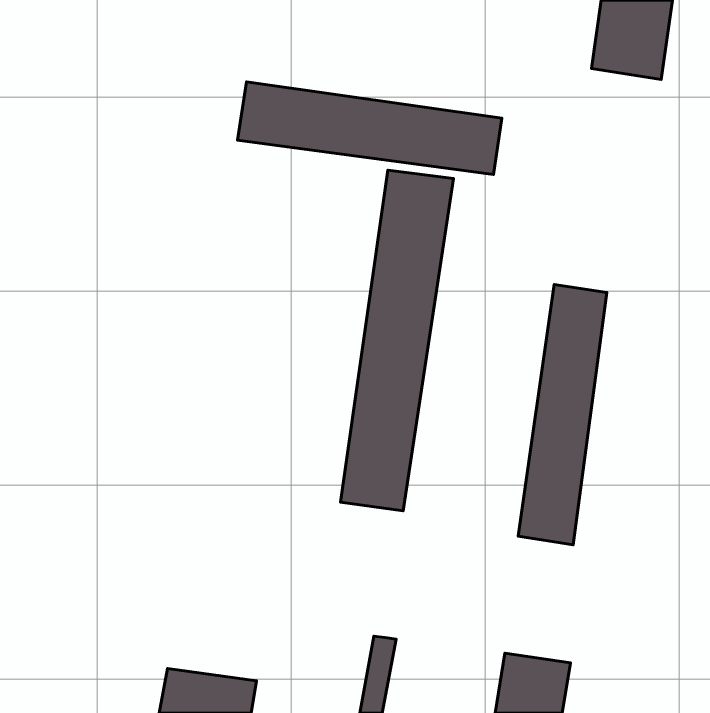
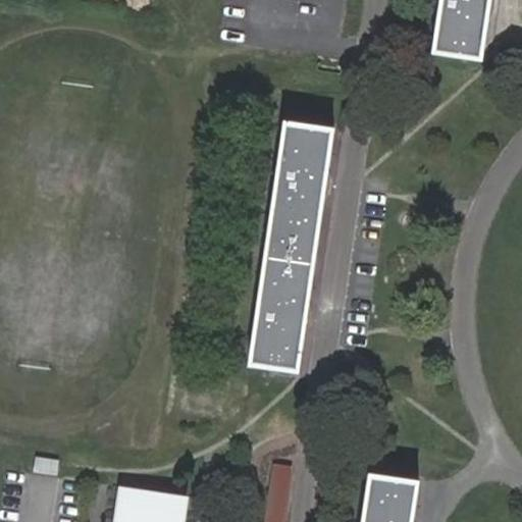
building: [238,82,502,174] -> none
building: [518,285,607,545] -> none

